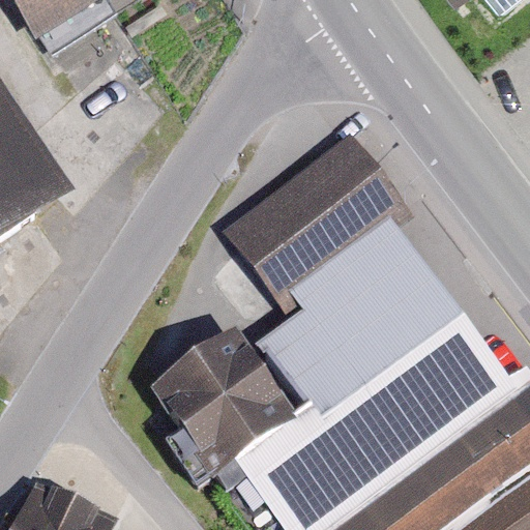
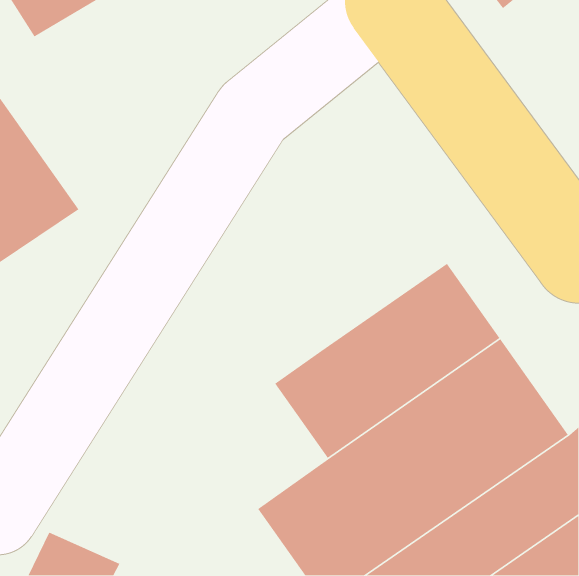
building: [228,139,420,319] -> none
building: [156,330,298,474] -> none

